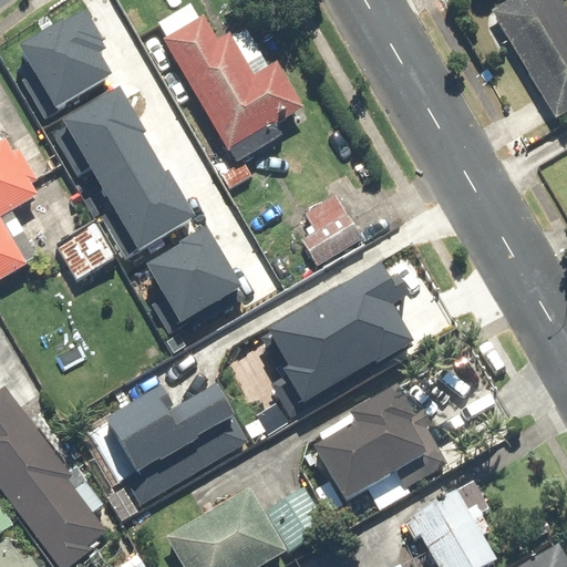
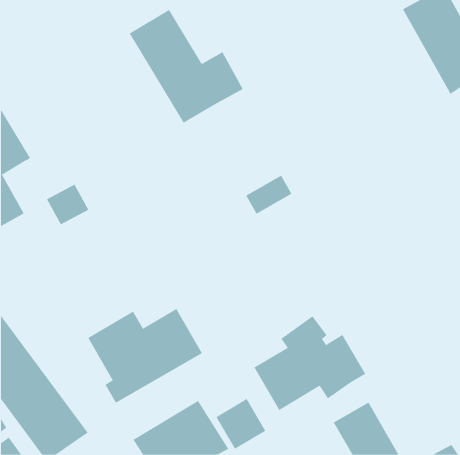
building: [21,11,113,109] -> none
building: [54,90,190,248] -> none
building: [145,223,247,330] -> none
building: [262,264,413,412] -> none

